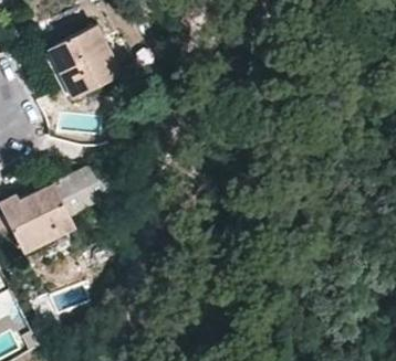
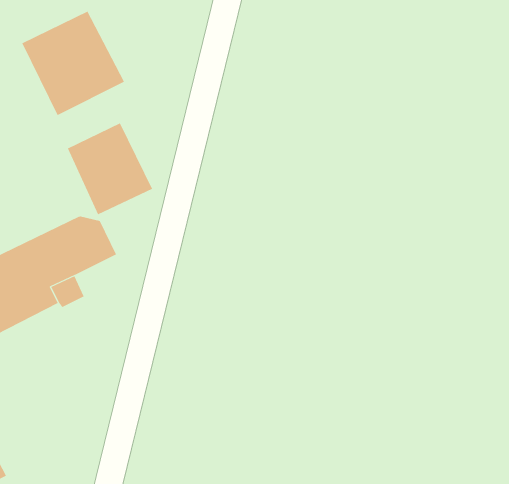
building: none -> [67,122,153,215]

